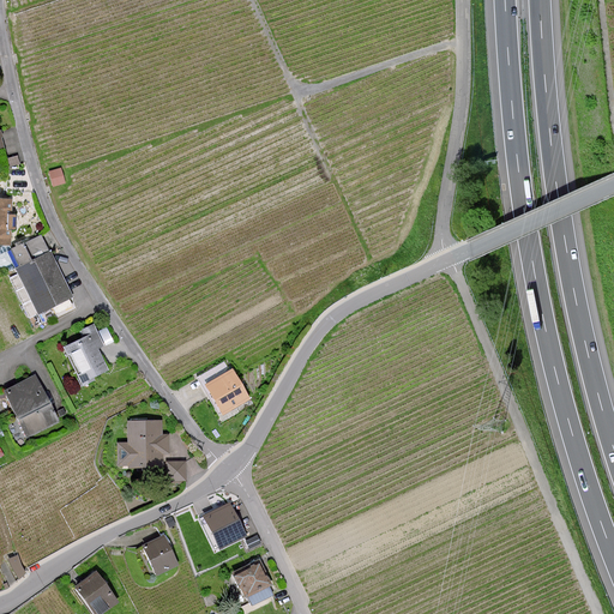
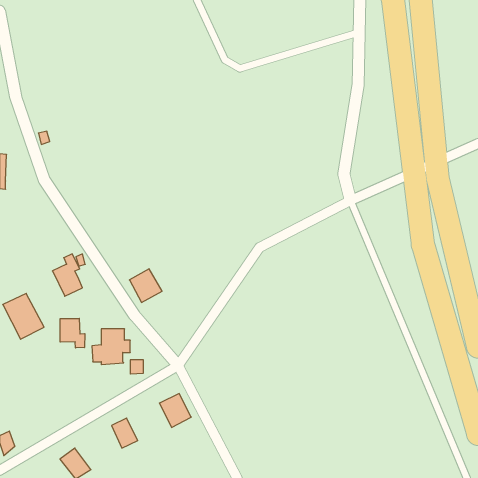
building: [12,234,68,309] -> none
building: [206,369,248,413] -> [129,269,162,302]
building: none -> [60,318,85,348]
building: [233,562,270,596] -> none

